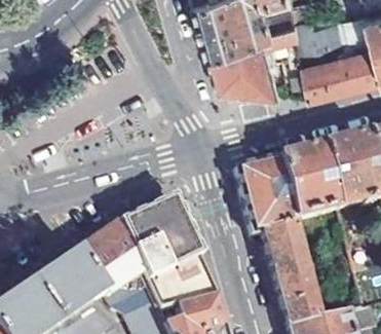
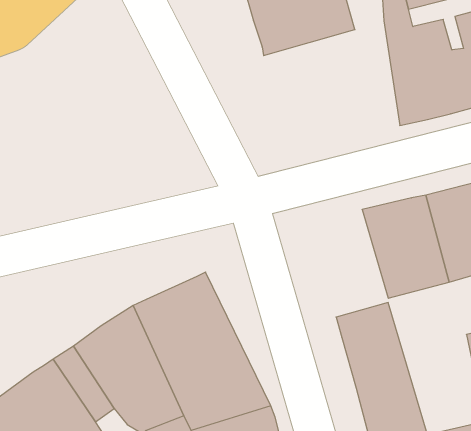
building: [211,24,307,98] -> none
building: [233,157,299,236] -> none

